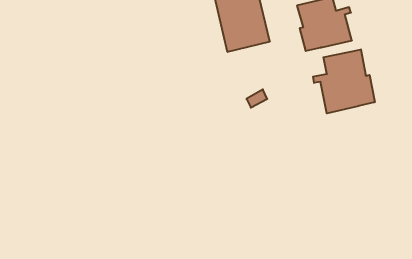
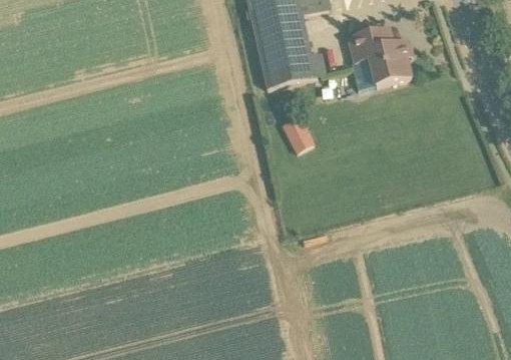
building: [313,49,375,113] -> none

